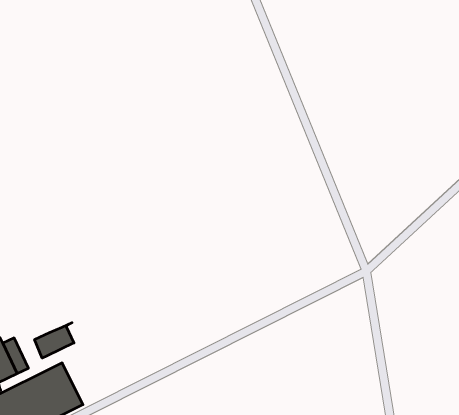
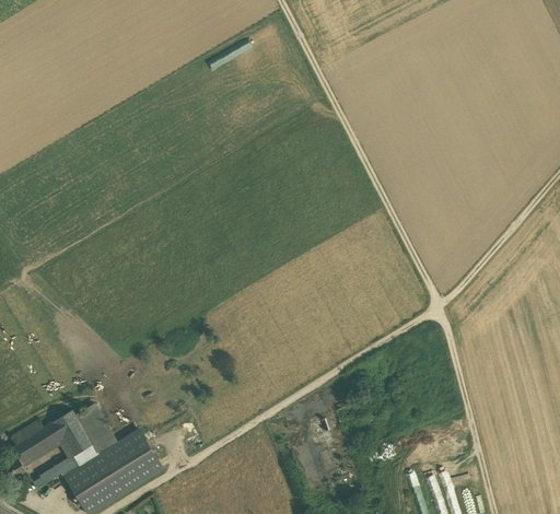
building: [35,323,74,358] -> none

